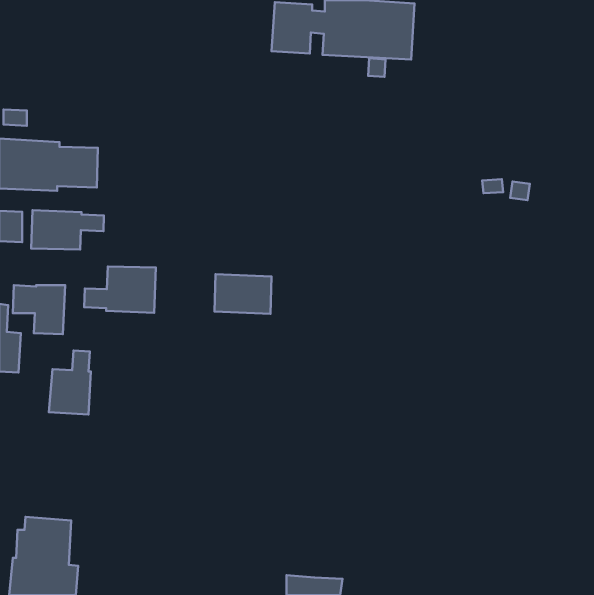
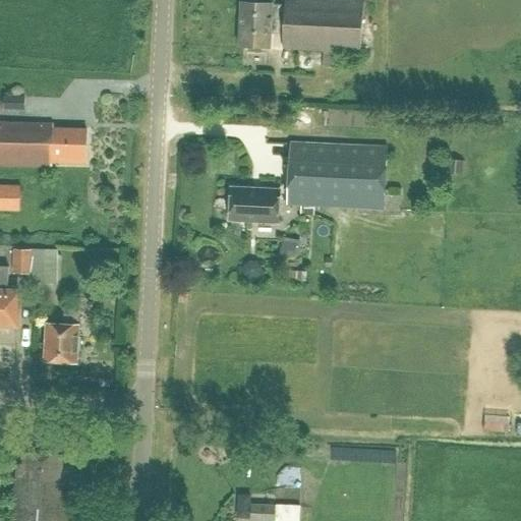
building: none -> [286,142,386,215]
building: [31,210,104,249] -> none
building: [84,267,156,313] -> none
building: [214,274,271,314] -> [229,187,279,222]

